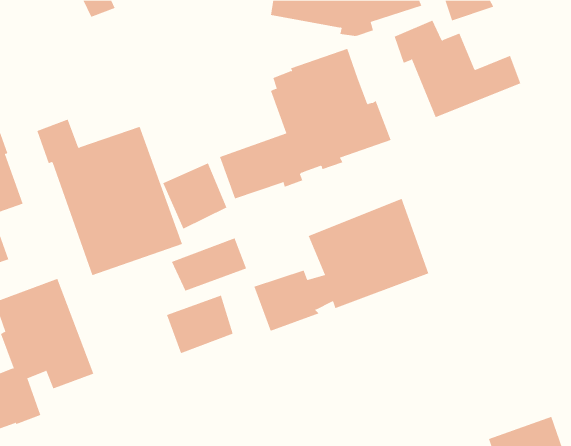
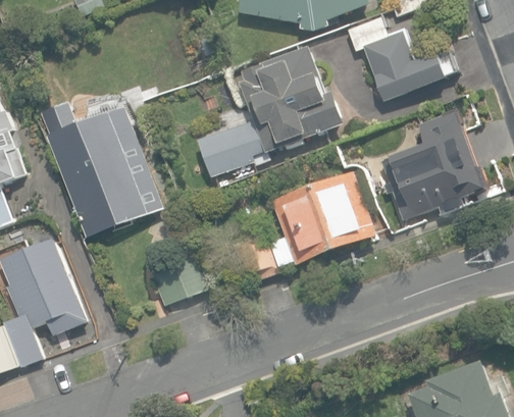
building: none -> [378,114,483,221]
building: [162,163,227,229] -> none
building: [171,237,247,292] -> none

